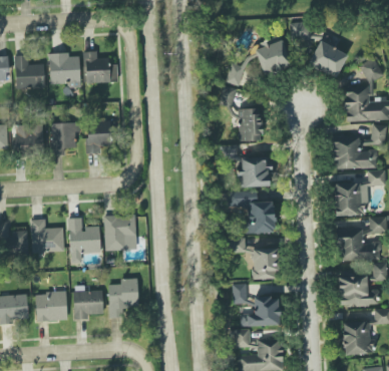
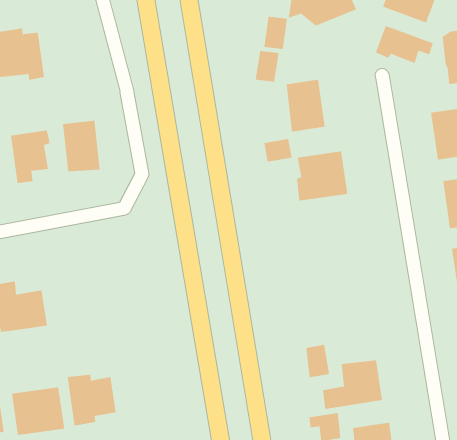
building: [84,51,118,82] -> none
building: none -> [375,25,433,64]
building: [228,191,275,233] -> none
building: [104,215,136,250] -> none
building: [68,217,100,263] -> none
building: [228,237,278,279] -> none
building: [108,278,138,317] -> none

